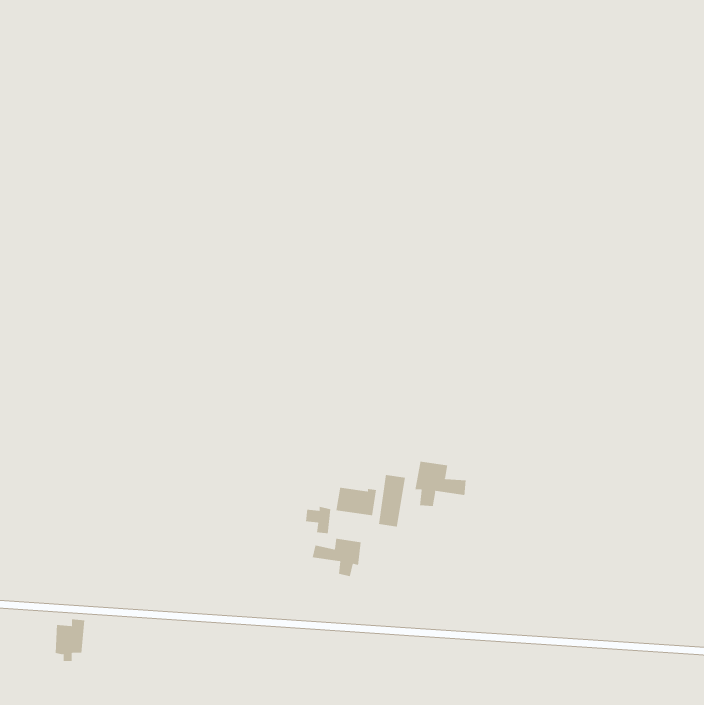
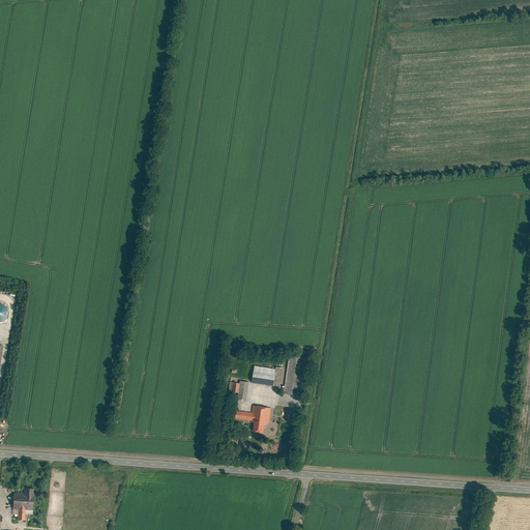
building: [415,461,466,507] -> none
building: [55,619,85,662] -> [11,488,34,520]

